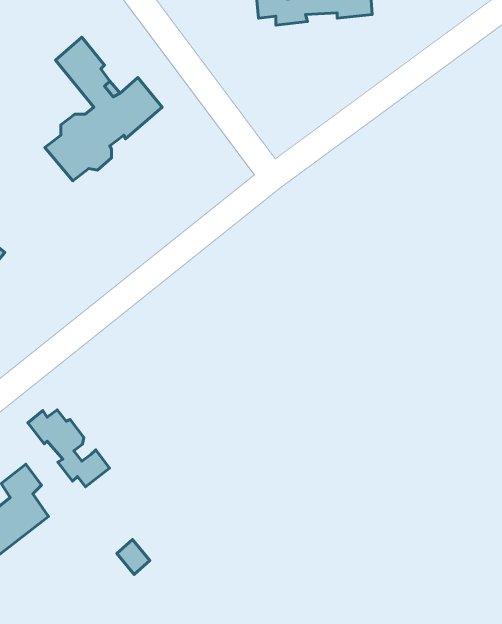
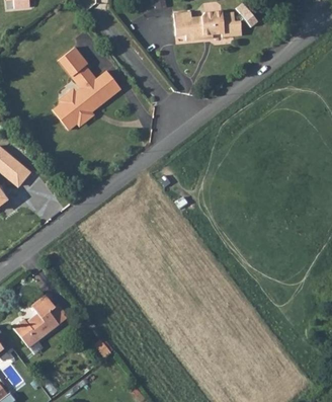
building: [28,410,109,487] -> none

